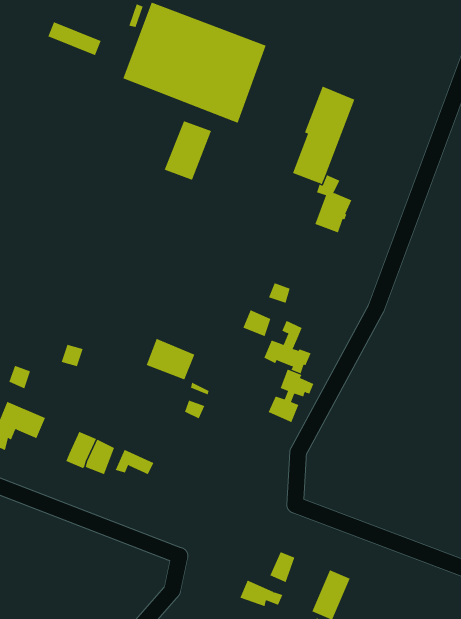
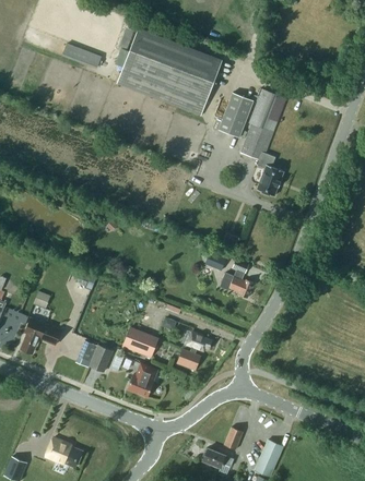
building: [164,120,212,180] -> [219,93,254,136]
building: [146,338,195,380] -> [122,326,158,357]
building: [268,369,314,423] -> [178,329,212,369]
building: none -> [128,364,157,397]
building: none -> [46,437,83,467]

